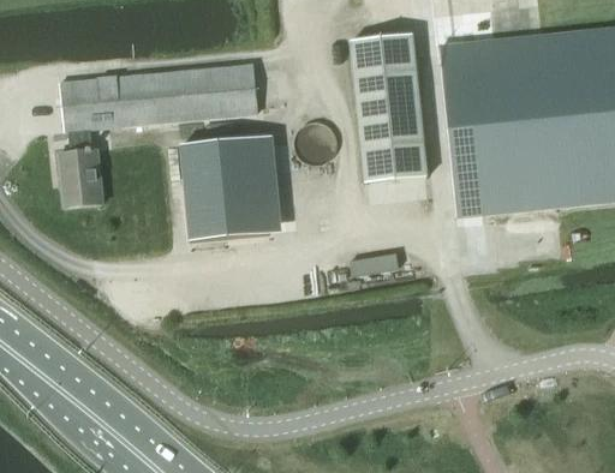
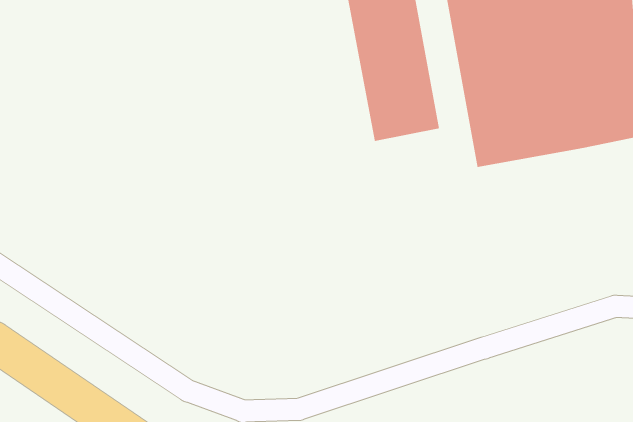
building: [59,65,257,208] -> none
building: [179,137,268,239] -> none

